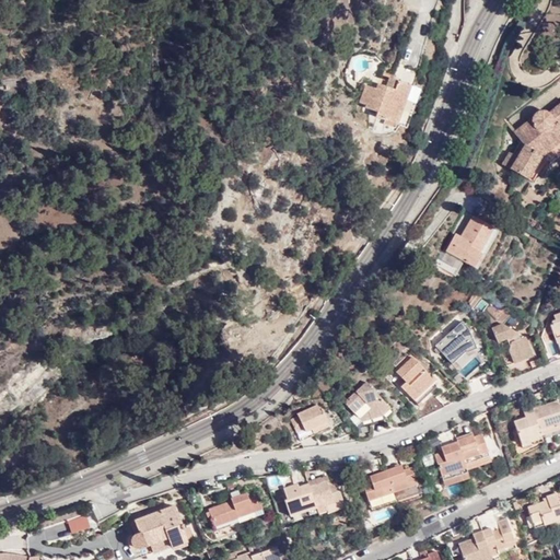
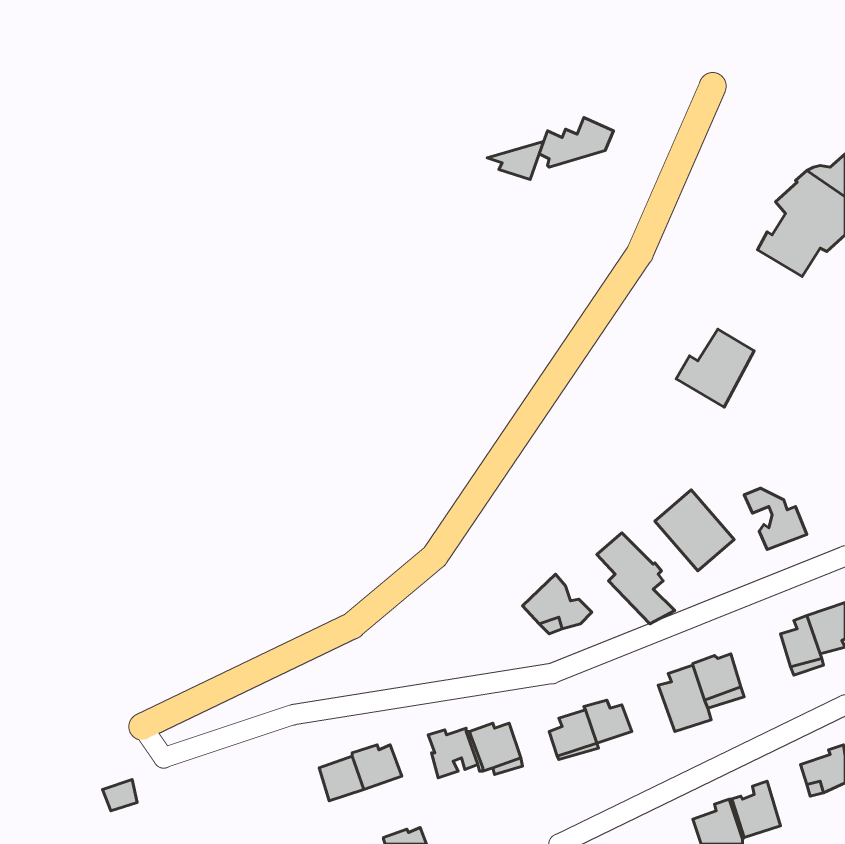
building: [363,100,400,125] -> [487,141,543,180]
building: [293,402,331,445] -> none
building: [132,508,188,549] -> none

